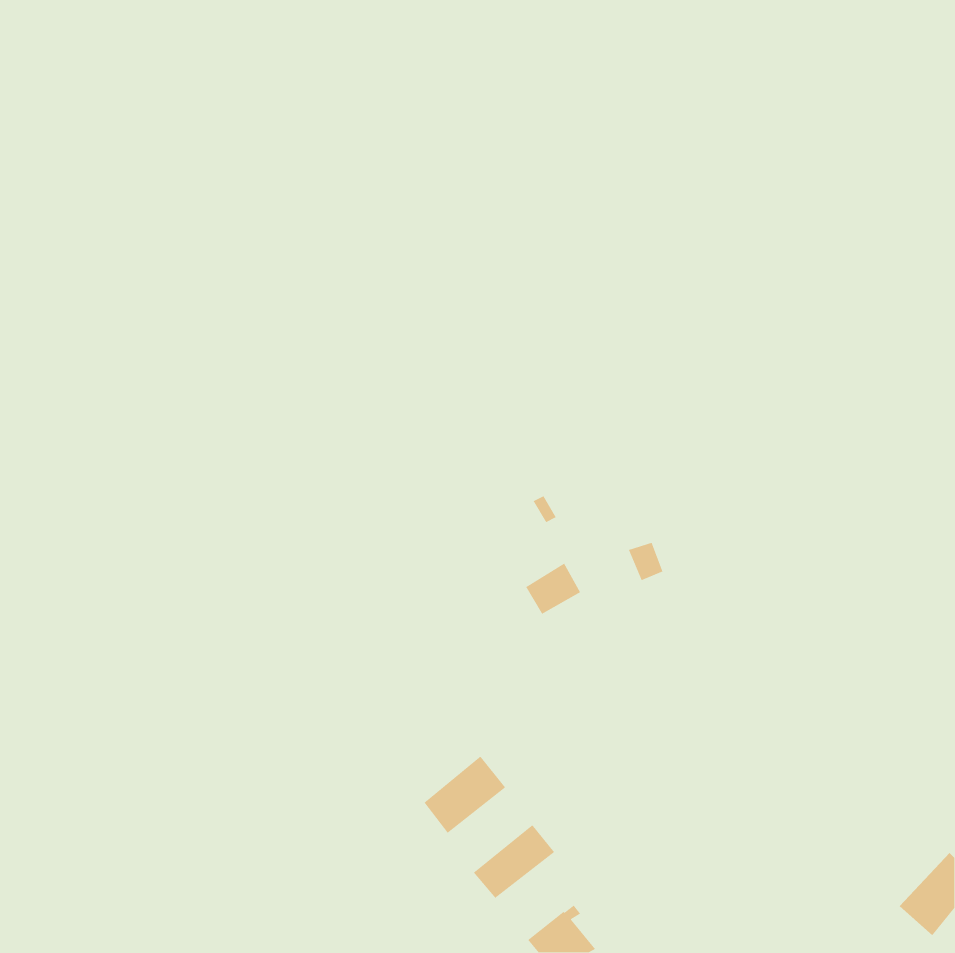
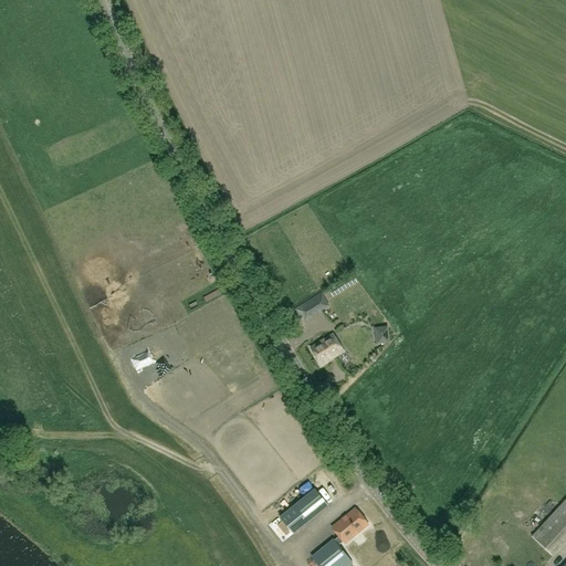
building: [424,756,506,834] -> none
building: none -> [334,507,369,541]

